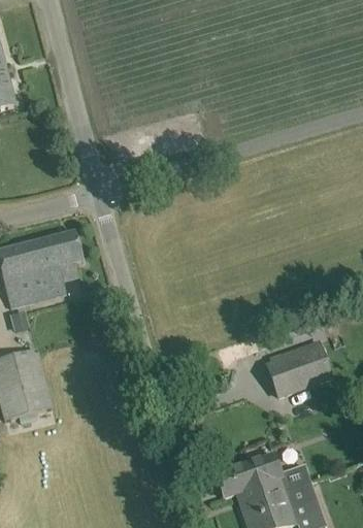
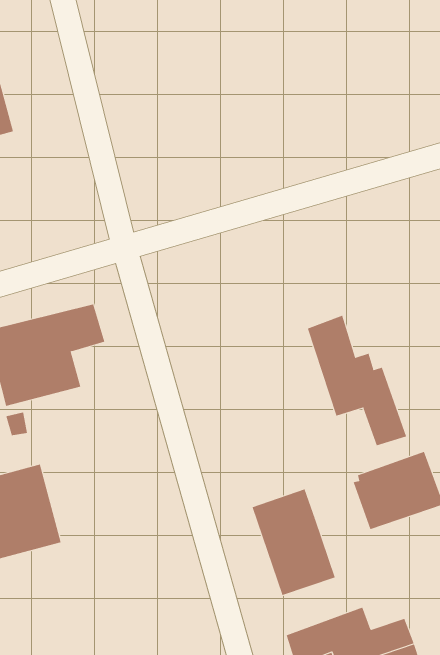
building: none -> [307,315,407,446]
building: none -> [252,488,335,596]

